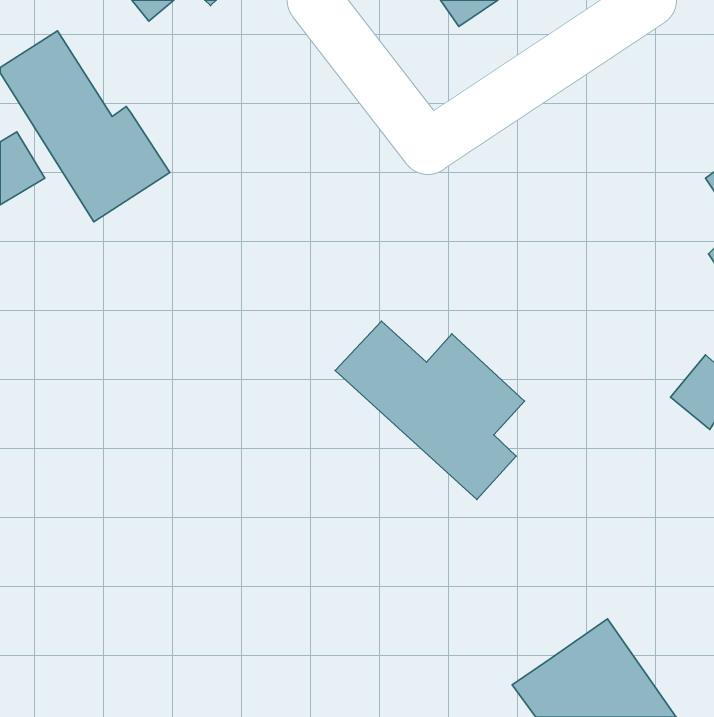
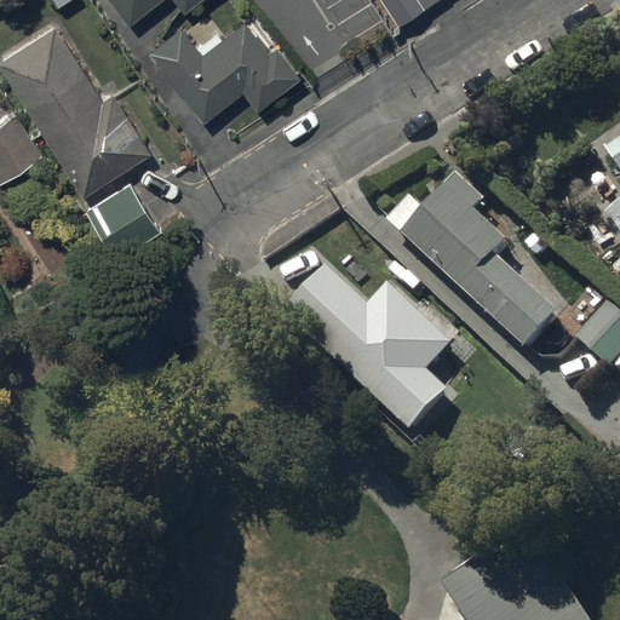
building: none -> [153,22,297,116]
building: none -> [88,180,157,251]
building: none -> [408,184,559,350]

